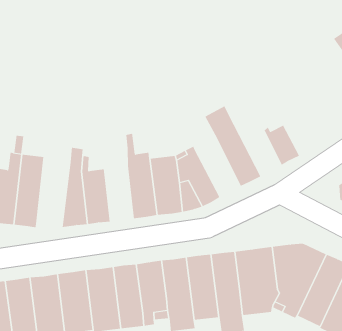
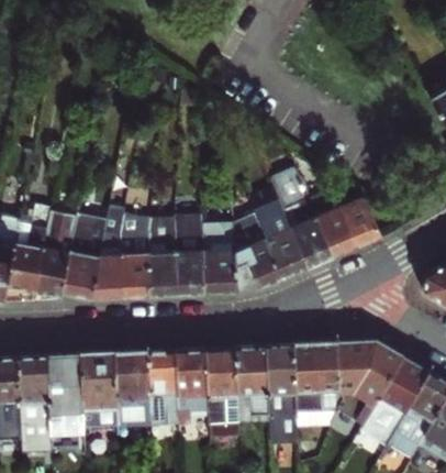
building: none -> [300,177,357,257]
building: none -> [256,208,306,278]
building: none -> [60,194,105,299]
building: none -> [146,210,176,297]

